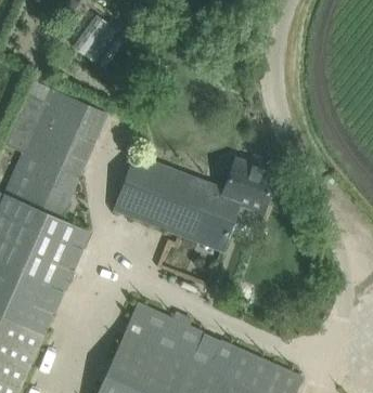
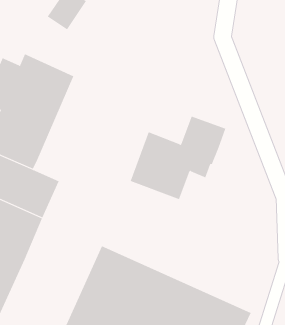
building: [113,156,189,232] -> none

